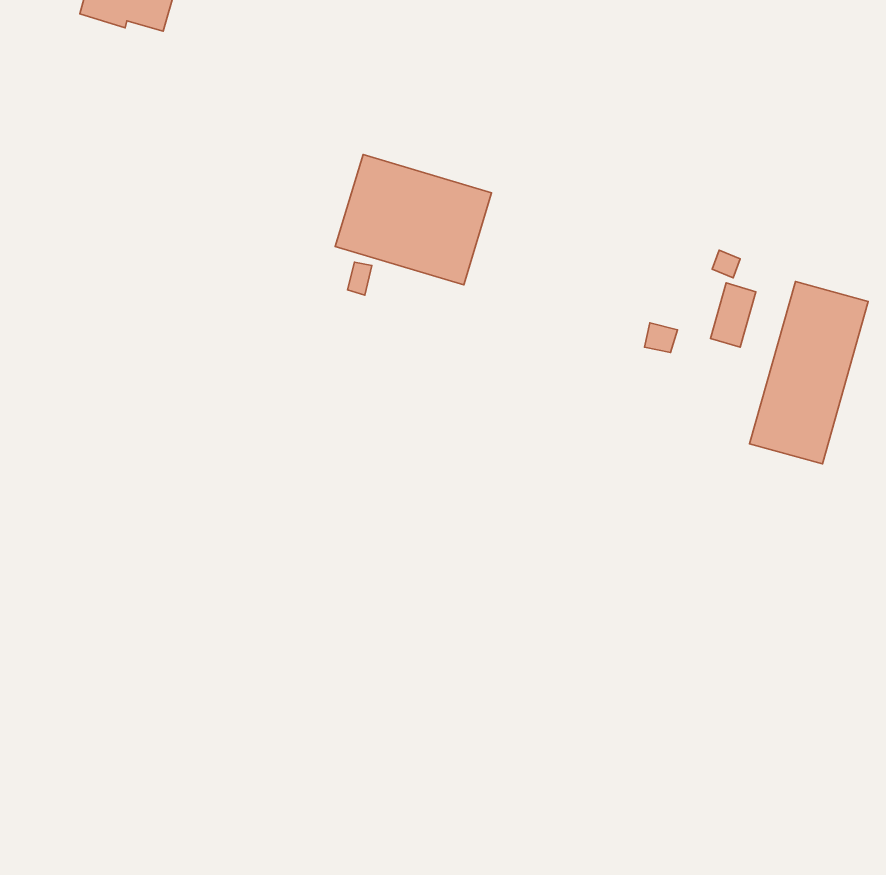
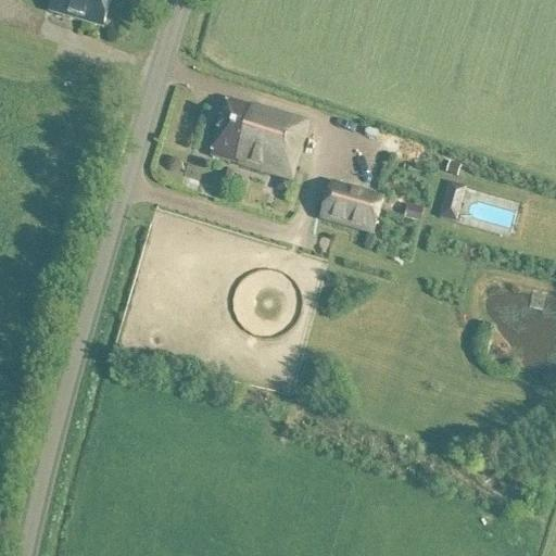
building: [750,281,868,464] -> none
building: none -> [319,181,382,232]

